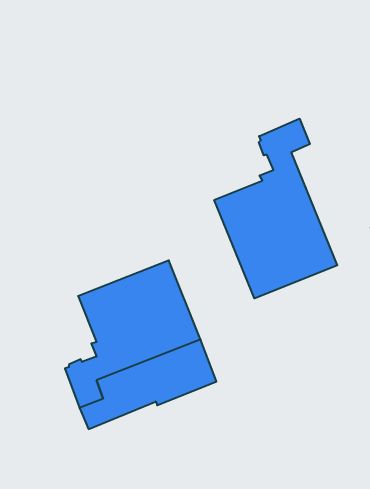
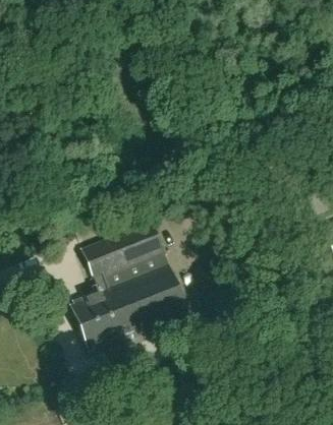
building: [214,119,337,298] -> none

